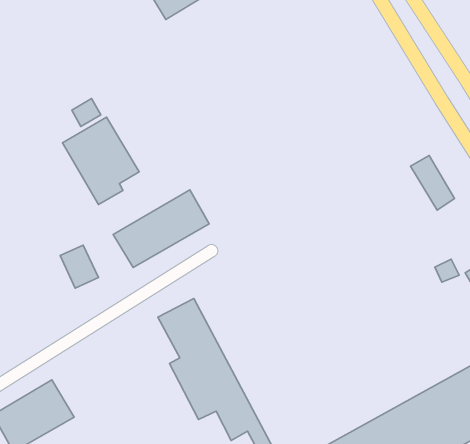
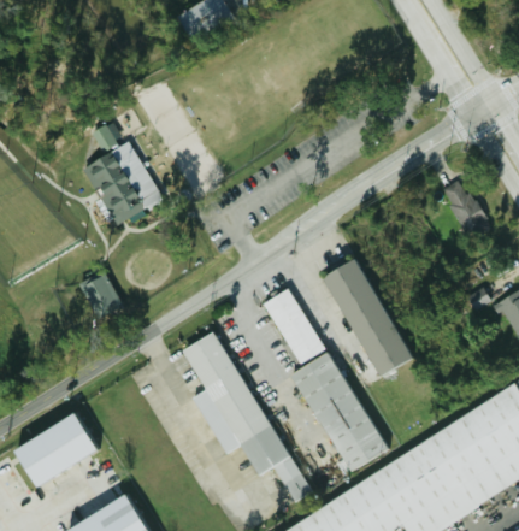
building: [113,190,209,268] -> none
building: none -> [325,258,409,377]
building: none -> [265,287,387,473]

